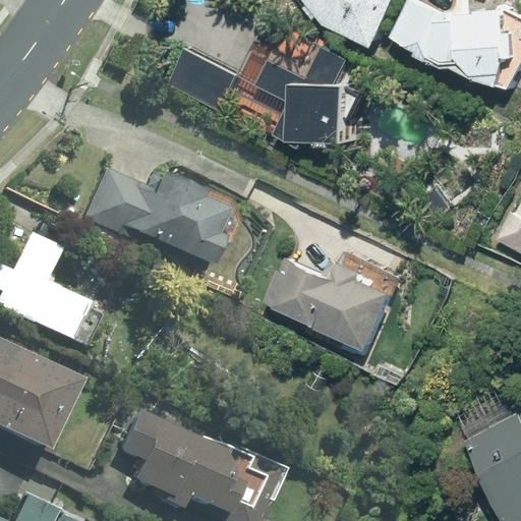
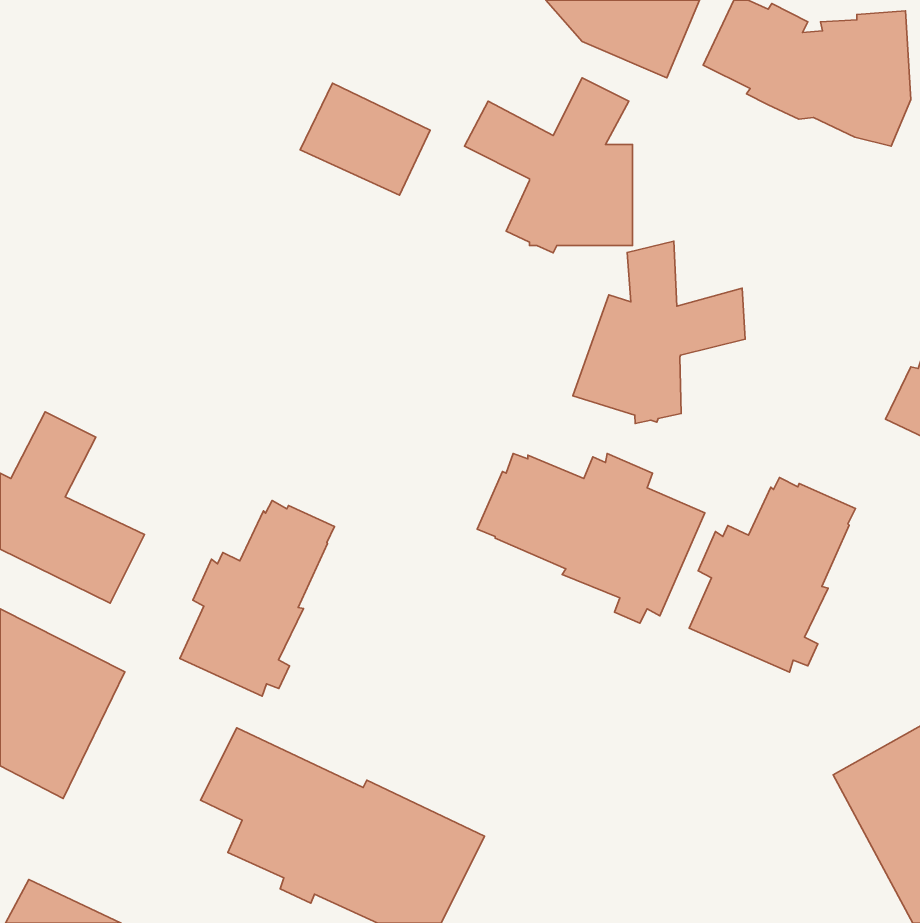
building: none -> [573,241,745,423]
building: [83,168,222,272] -> none
building: none -> [689,478,855,672]
building: none -> [180,501,335,696]

